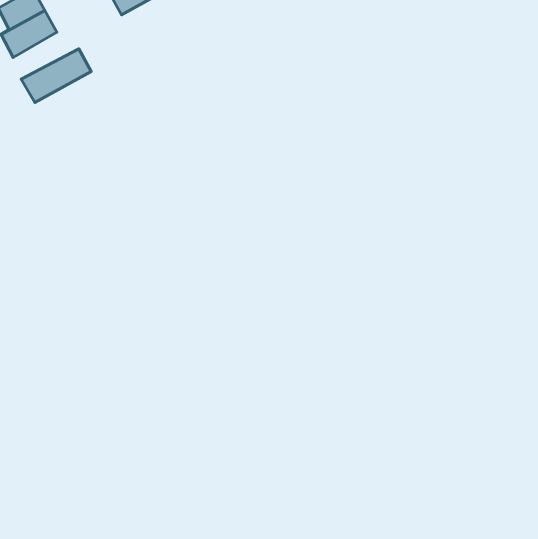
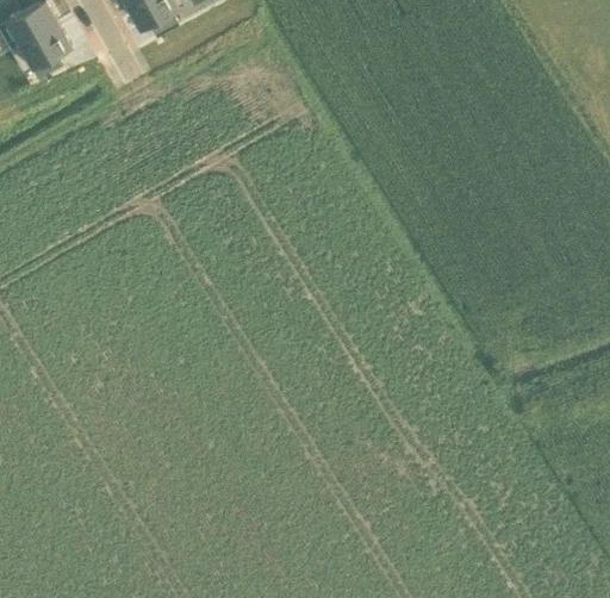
building: [21,49,91,102] -> none

